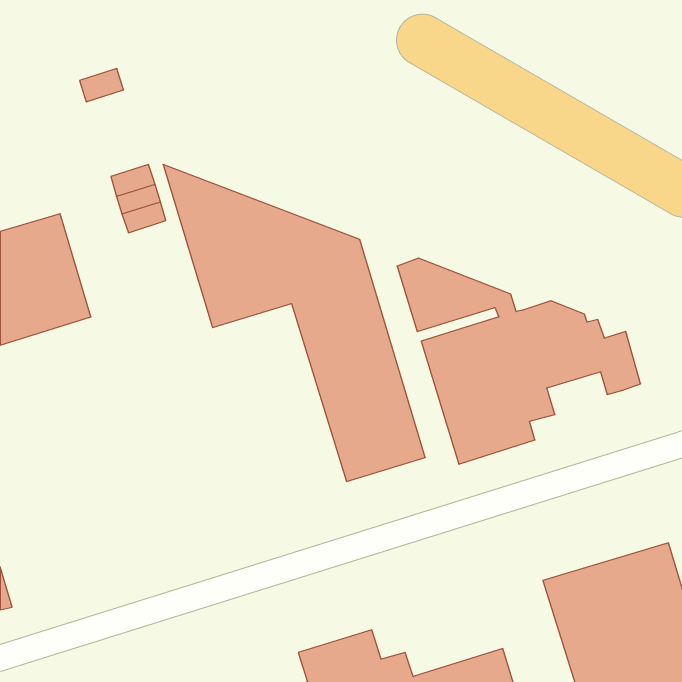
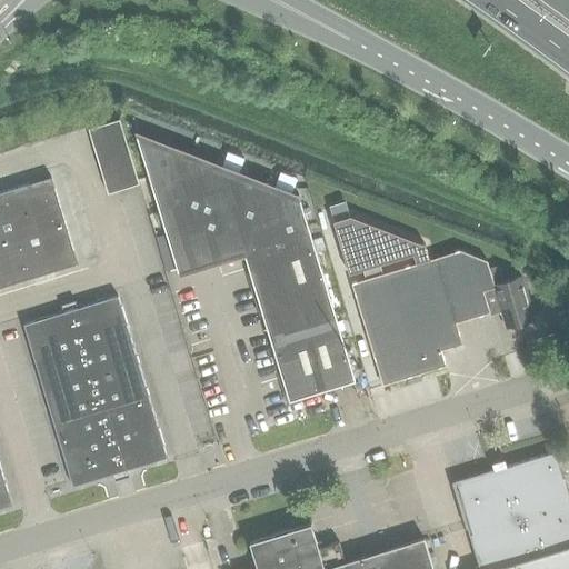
building: [80,69,124,102] -> [88,120,124,148]
building: none -> [23,297,166,487]

